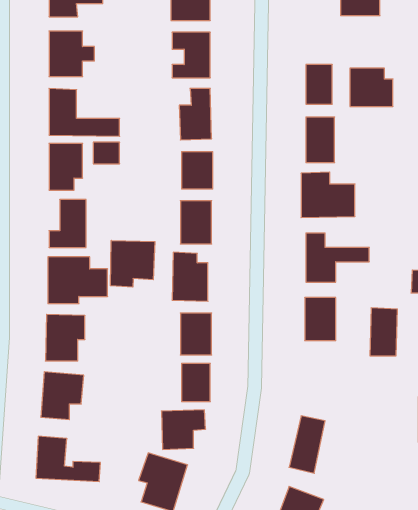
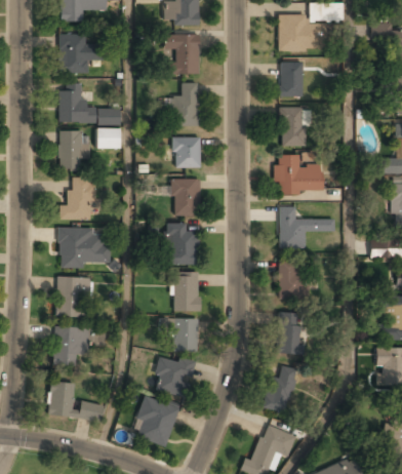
building: [350,68,393,106] -> [278,14,315,47]
building: [110,240,155,287] -> none
building: [370,308,397,356] -> [279,311,303,352]

